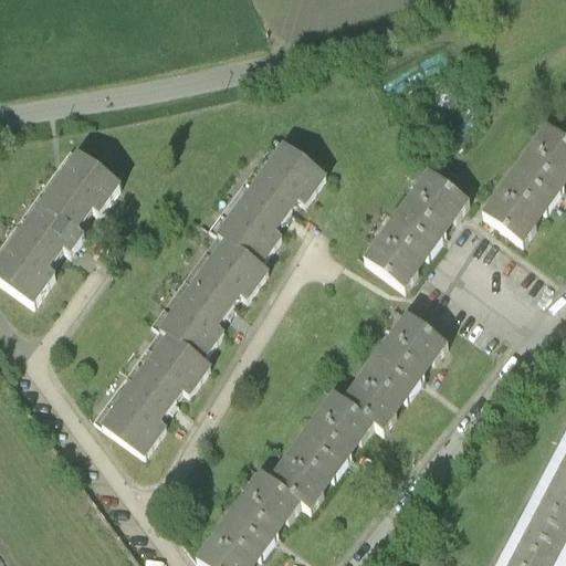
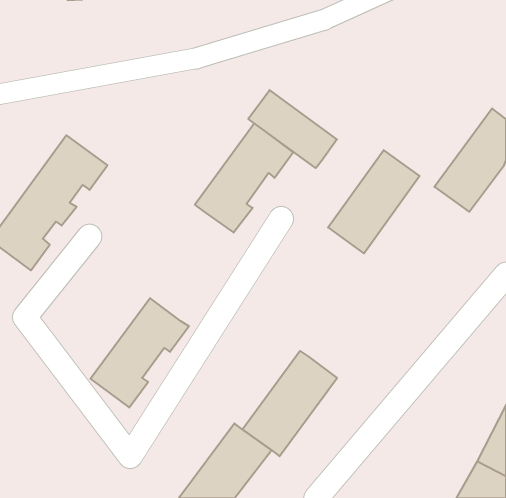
building: none -> [248,90,337,168]
building: [158,234,269,357] -> none
building: [344,310,449,427] -> none

